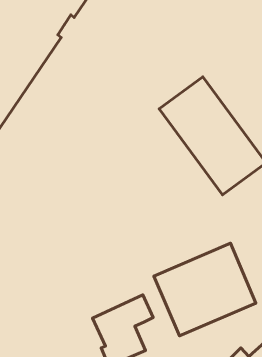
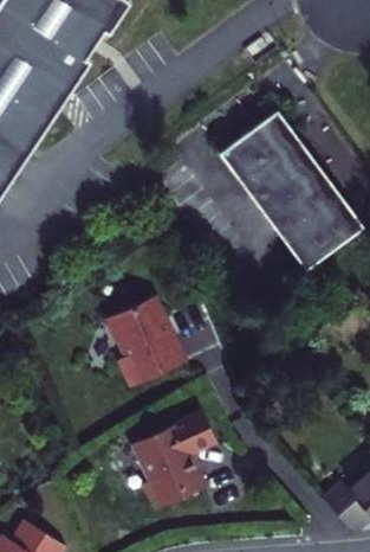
building: none -> [109,293,178,377]
building: [154,243,256,336] -> none

